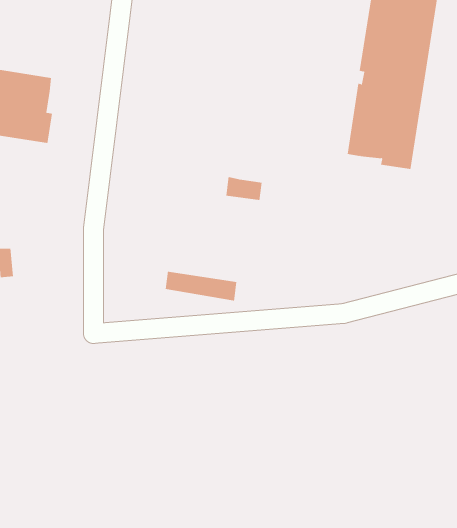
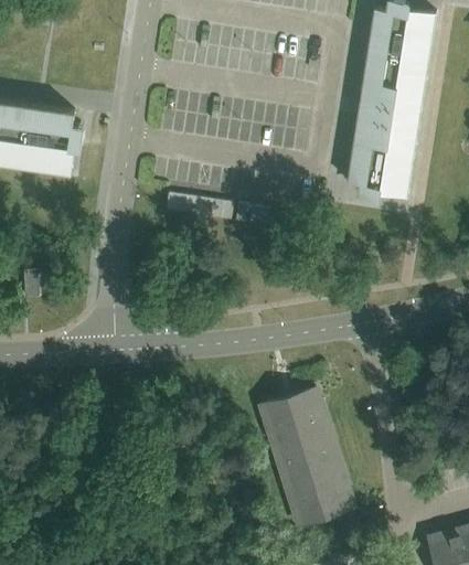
building: [165,271,237,301] -> [166,193,233,221]
building: none -> [262,388,353,525]

